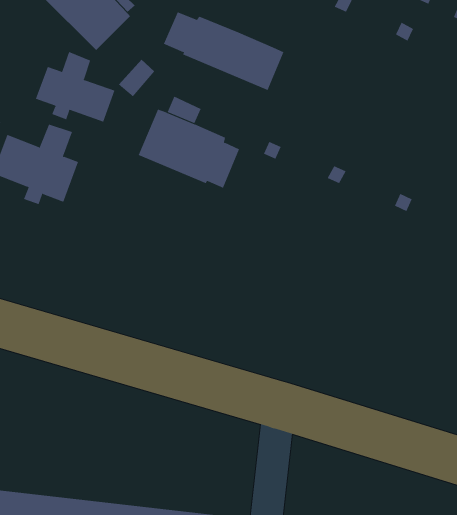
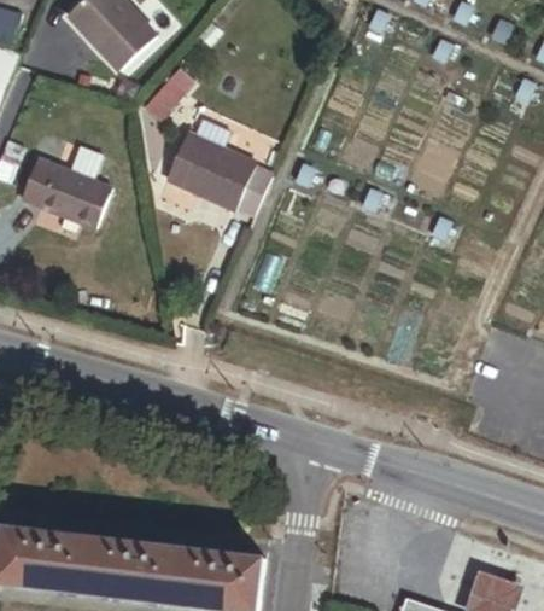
building: [163,11,284,91] -> none
building: [35,51,115,123] -> none

